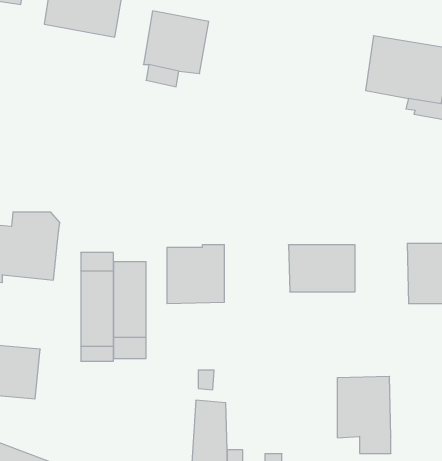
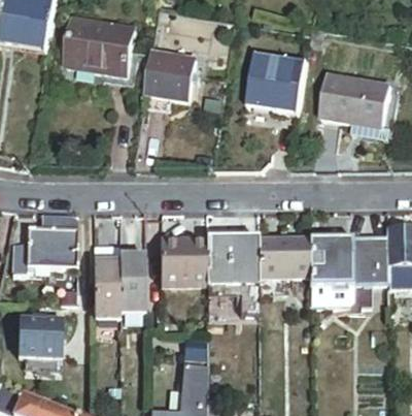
building: none -> [242,52,305,114]
building: none -> [207,229,259,315]
building: [337,376,391,453] -> [310,236,352,297]

